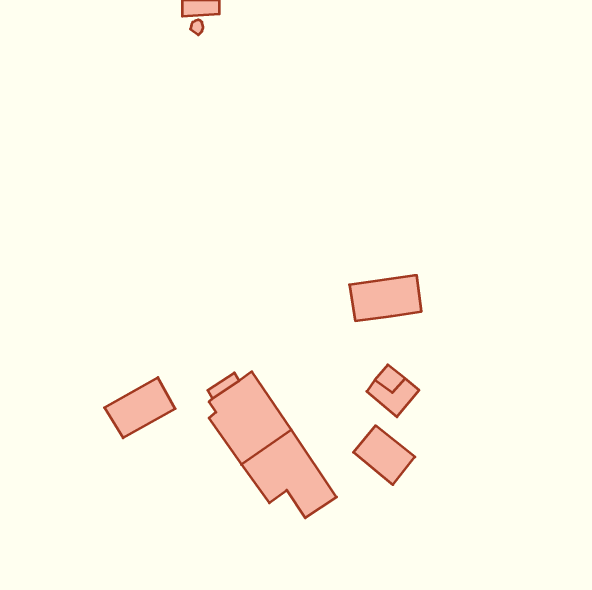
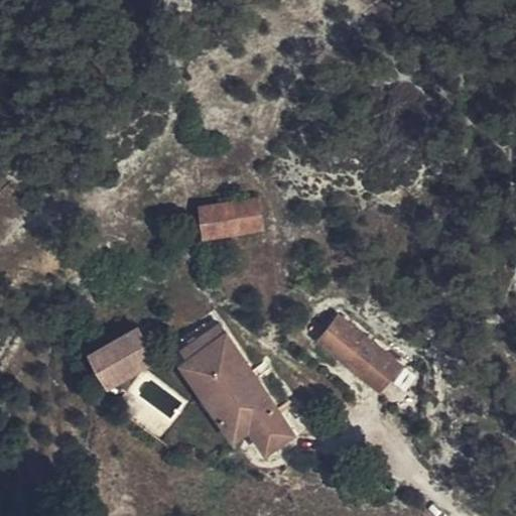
building: [349,275,421,321] -> [199,200,261,239]
building: [353,426,415,485] -> [345,342,398,393]

